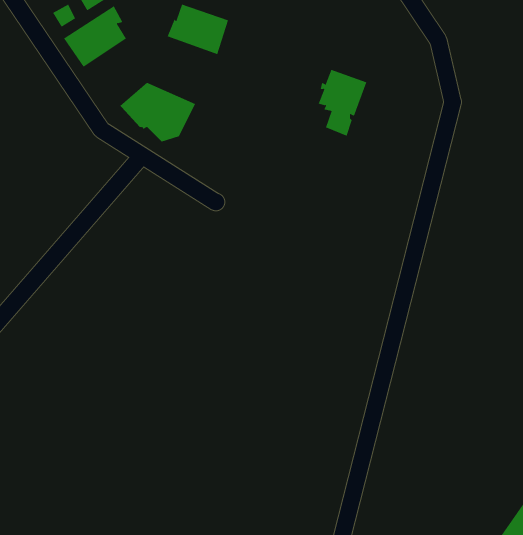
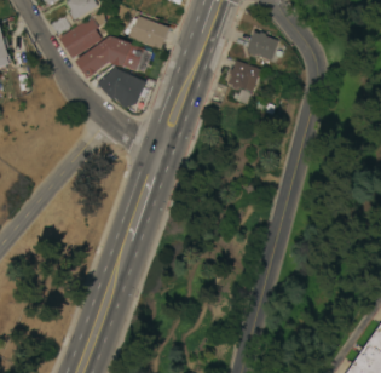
building: none -> [247,30,287,62]
building: none -> [75,36,150,79]

